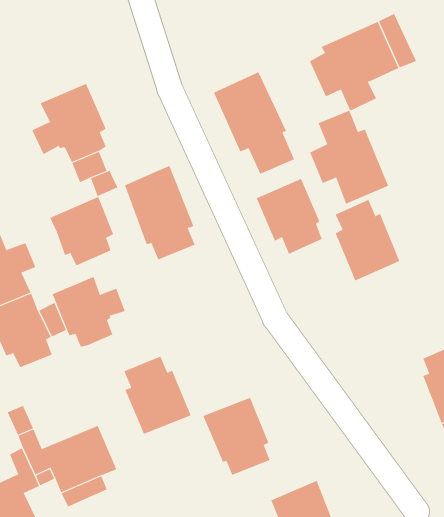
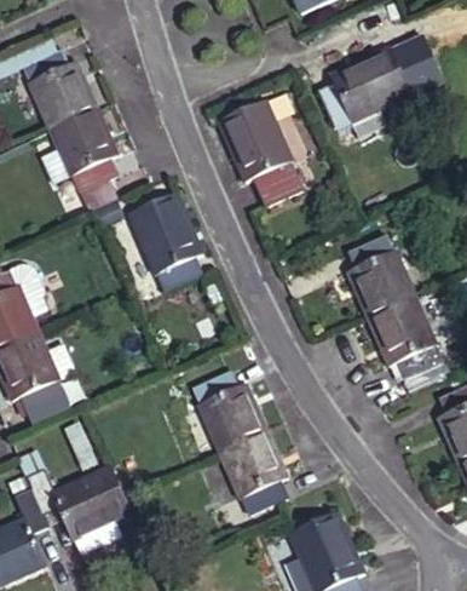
building: none -> [24,48,94,131]
building: [309,110,389,205] -> none
building: [256,178,323,254] -> [371,294,440,373]
building: [49,196,114,266] -> none
building: [52,276,125,347] -> none
building: [123,356,191,434] -> [194,373,264,454]

